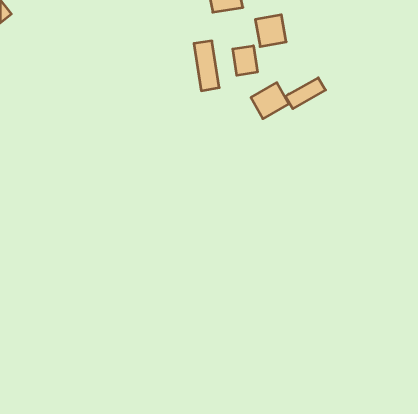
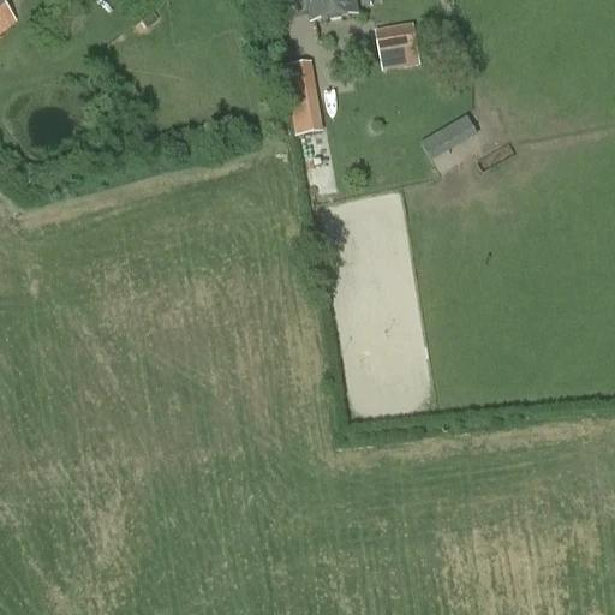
building: [233,46,257,75] -> none
building: [251,83,289,119] -> none

